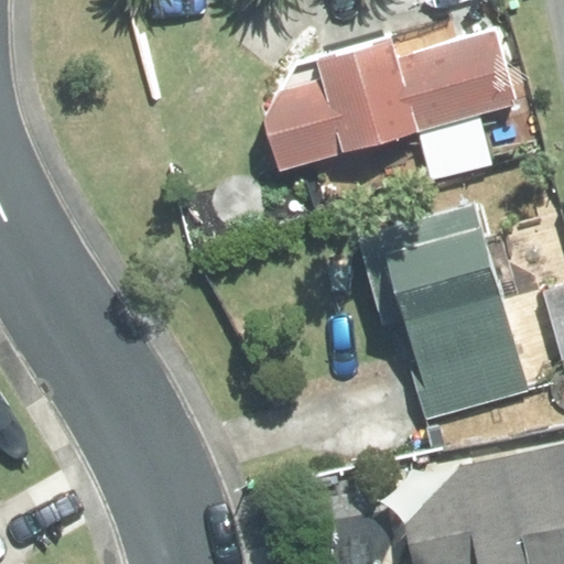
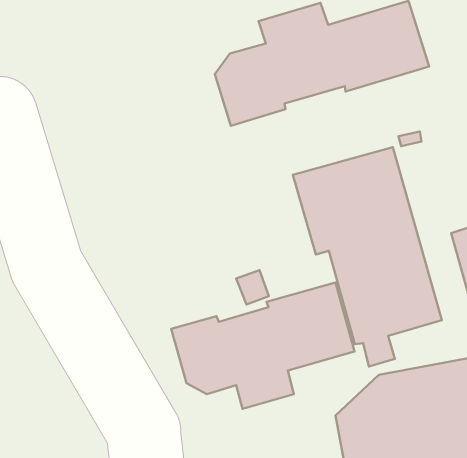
building: none -> [171,282,355,409]

